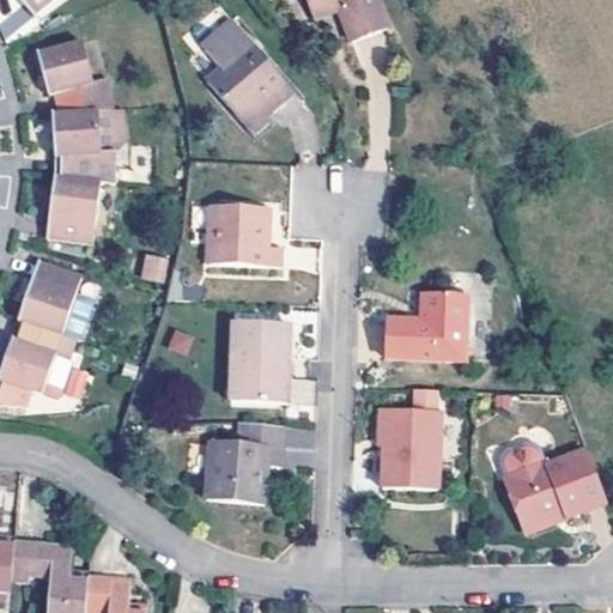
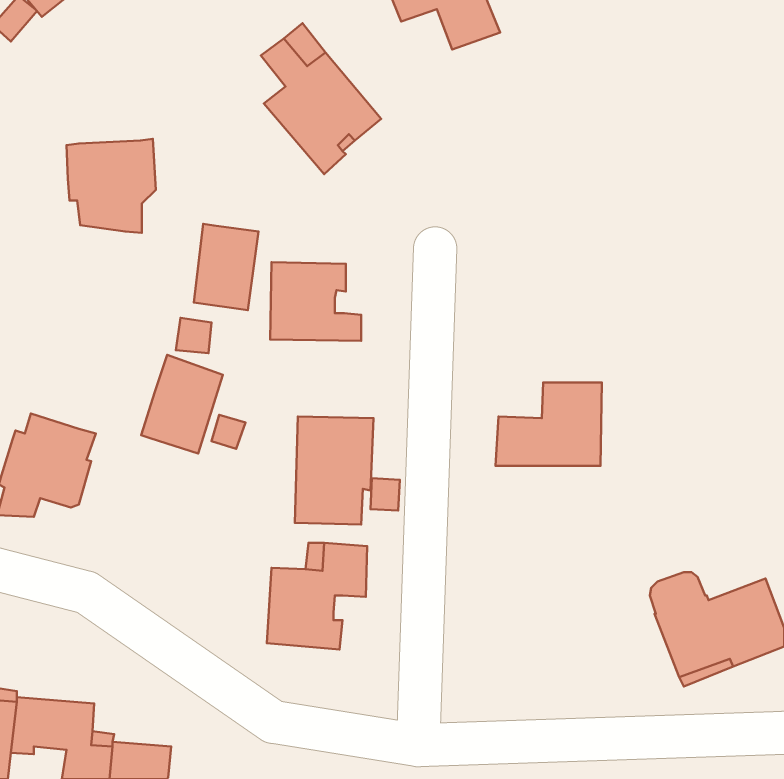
building: [35,35,109,111] -> none
building: [47,174,97,241] -> [194,224,259,310]
building: [17,256,80,333] -> [141,355,223,454]
building: [382,412,437,492] -> none

